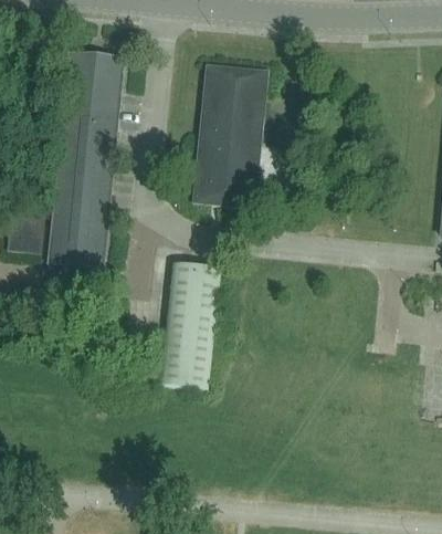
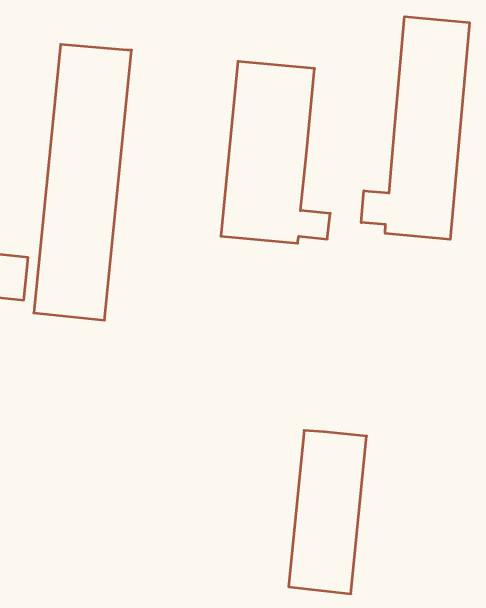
building: none -> [361,17,469,239]
building: [159,261,220,388] -> [289,430,367,594]

